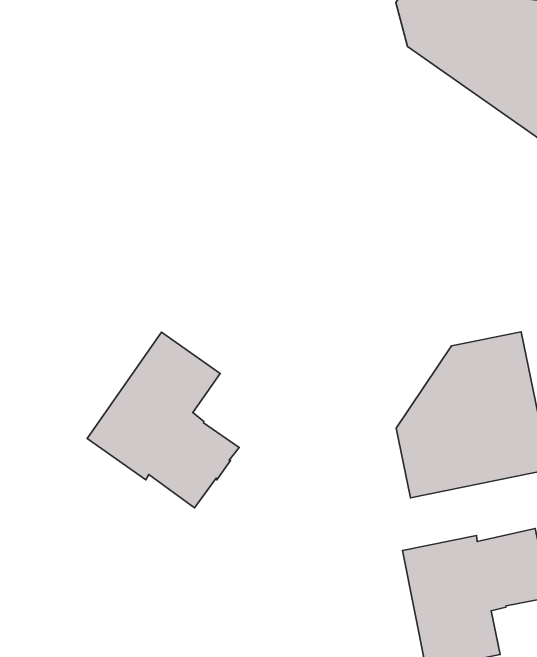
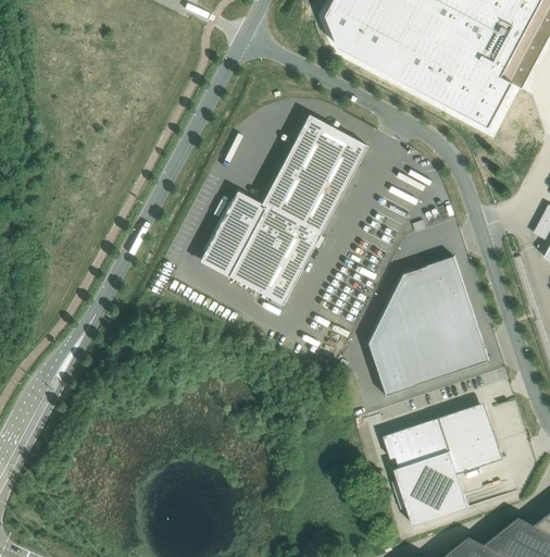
building: none -> [204,114,366,305]
building: [87,332,239,508] -> none

